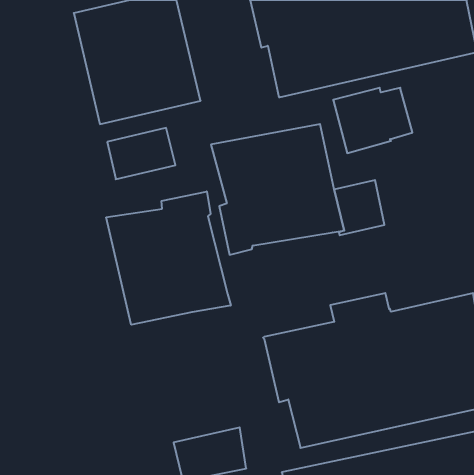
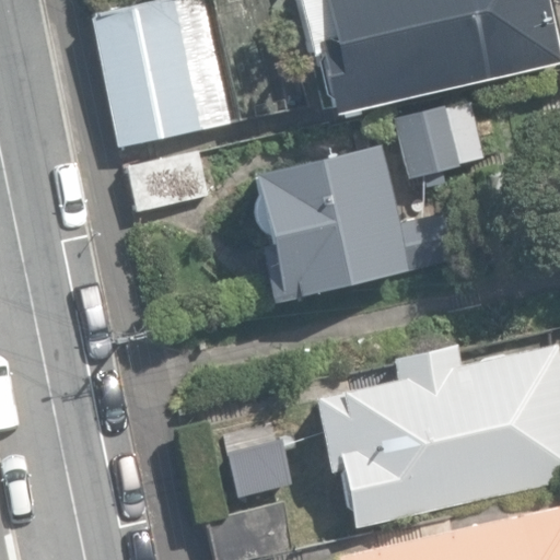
building: [106,191,231,325] -> none

